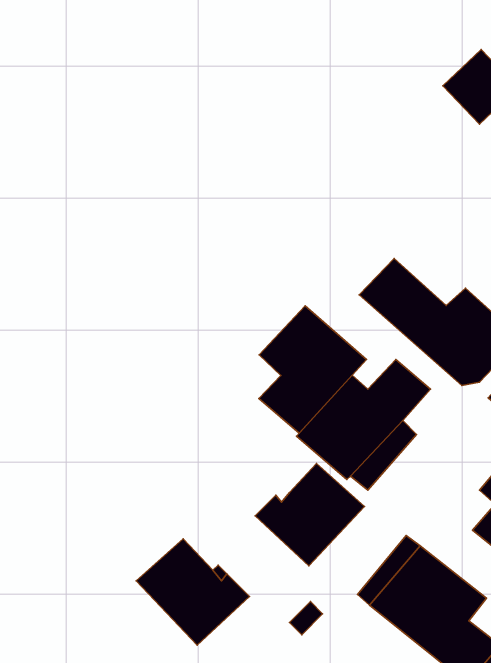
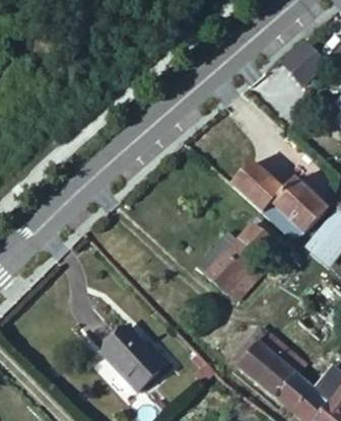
building: [259,306,367,433] -> none
building: [255,464,365,566] -> none

